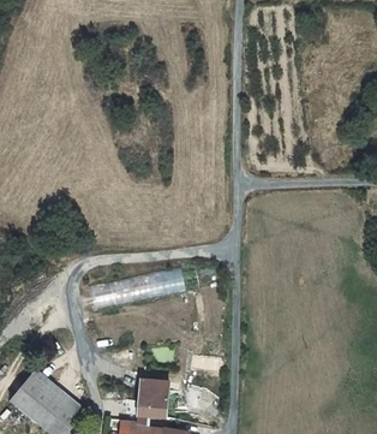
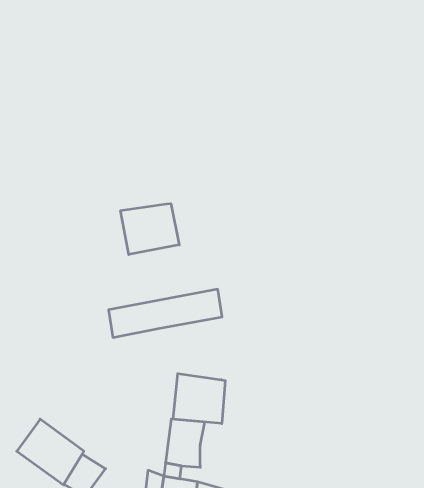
building: none -> [121,204,179,255]
building: none -> [173,374,225,424]

